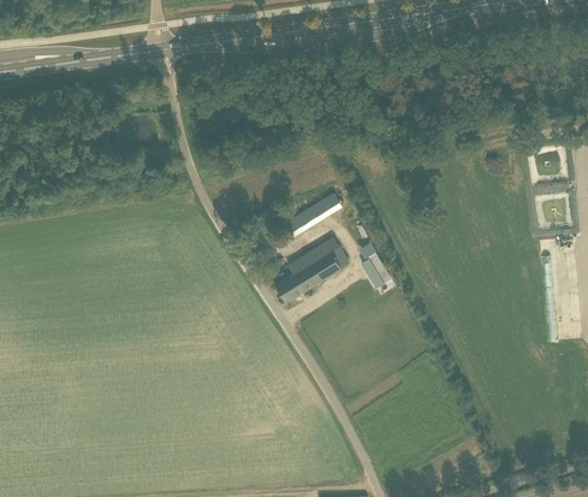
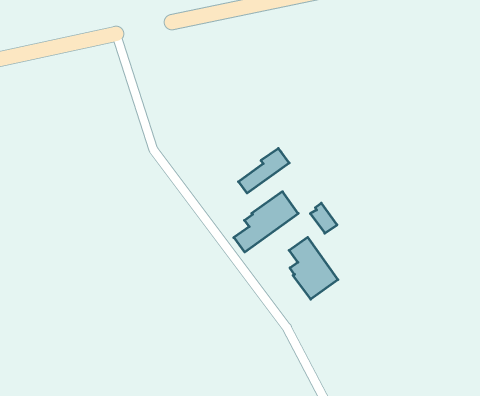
building: none -> [289,237,338,299]

